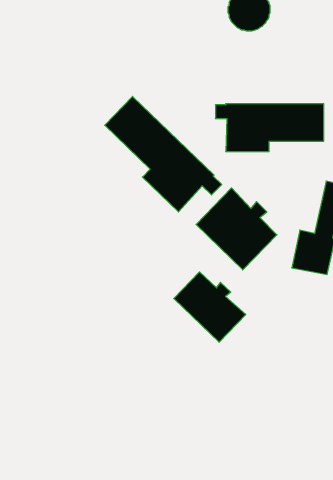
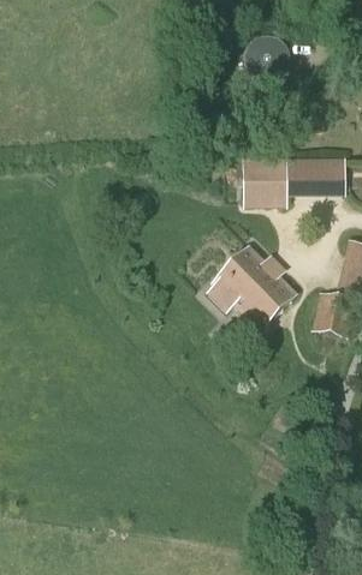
building: [105,96,222,212] -> none
building: [174,272,246,342] -> none

